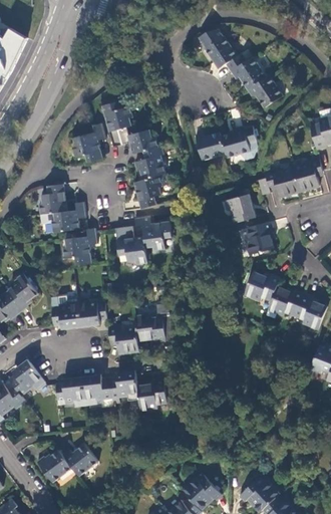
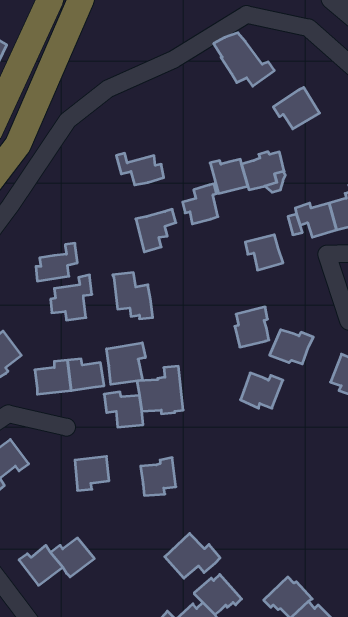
building: [230,54,268,88] -> none
building: [101,101,131,146] -> none
building: [72,122,105,162] -> none
building: [134,146,163,179] -> [183,184,218,224]
building: [39,183,66,214] -> none
building: [134,215,172,249] -> none
building: [245,221,273,254] -> [235,307,269,347]
building: none -> [107,343,145,384]
building: [268,286,303,315] -> [240,373,283,408]
building: [109,373,139,401] -> none
building: [55,379,85,407] -> none
building: none -> [165,533,220,578]

